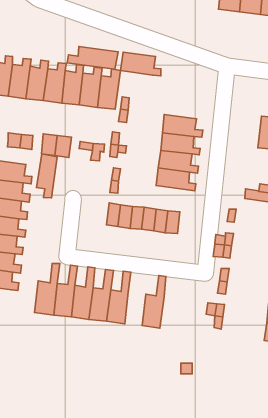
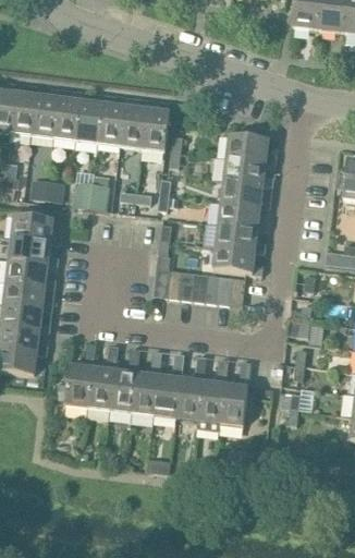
building: [67,46,118,69] -> none
building: [120,52,161,76] -> [224,135,274,165]
building: [36,154,57,198] -> none
building: none -> [211,246,261,276]
building: none -> [175,356,205,421]
building: none -> [219,362,249,426]

